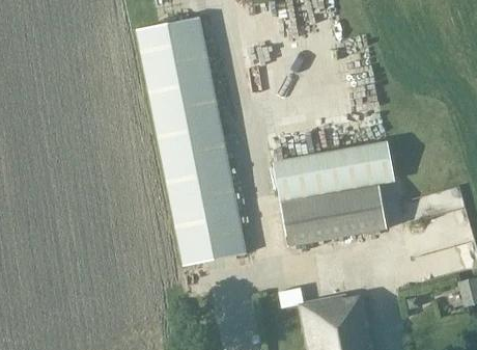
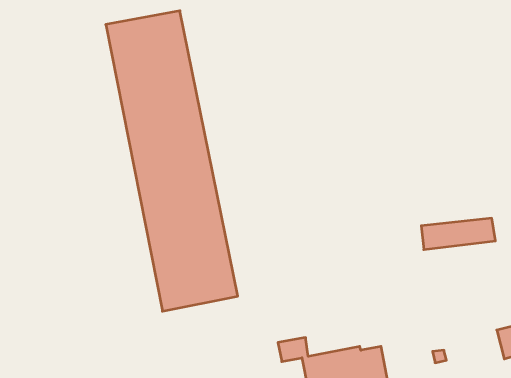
building: [273,141,394,194] -> none
building: [280,182,387,245] -> none

